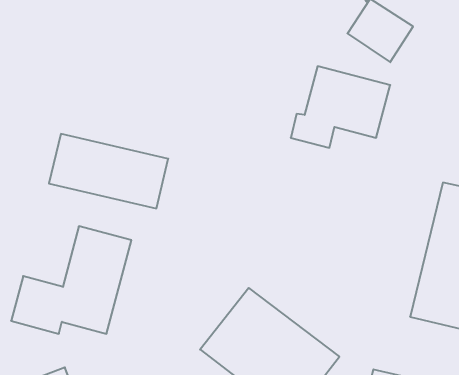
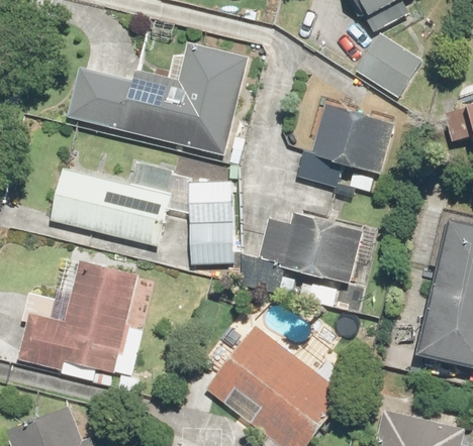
building: none -> [68,44,245,154]
building: none -> [185,184,235,265]
building: none -> [258,212,365,284]

